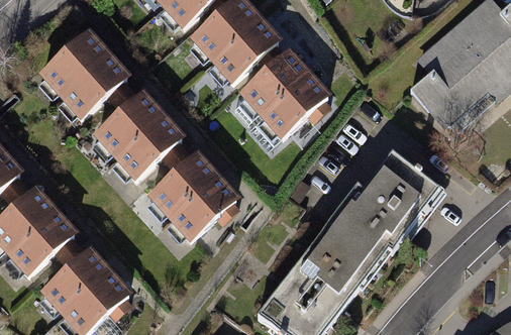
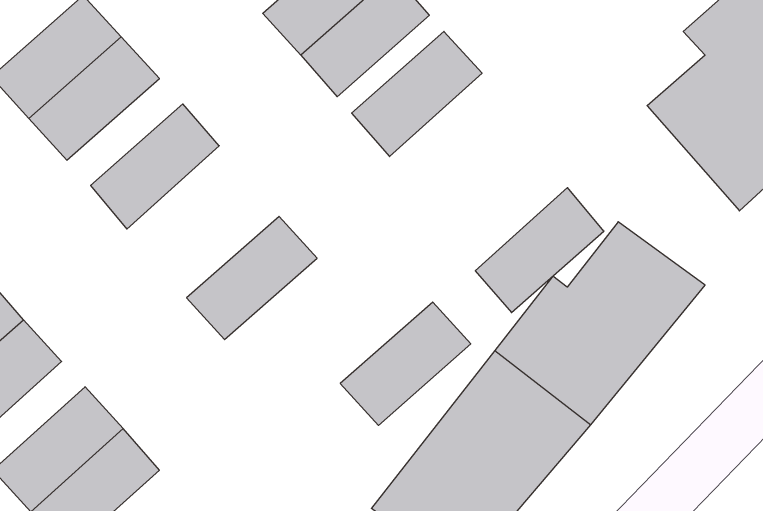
building: [261,72,332,141] -> [475,188,604,313]
building: [114,112,187,182] -> none
building: [169,175,241,243] -> [340,302,471,425]

